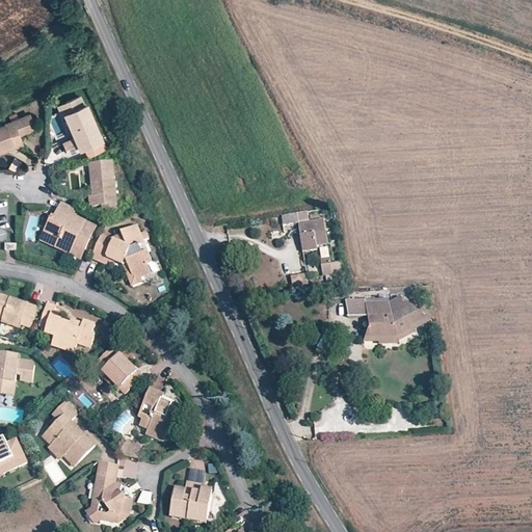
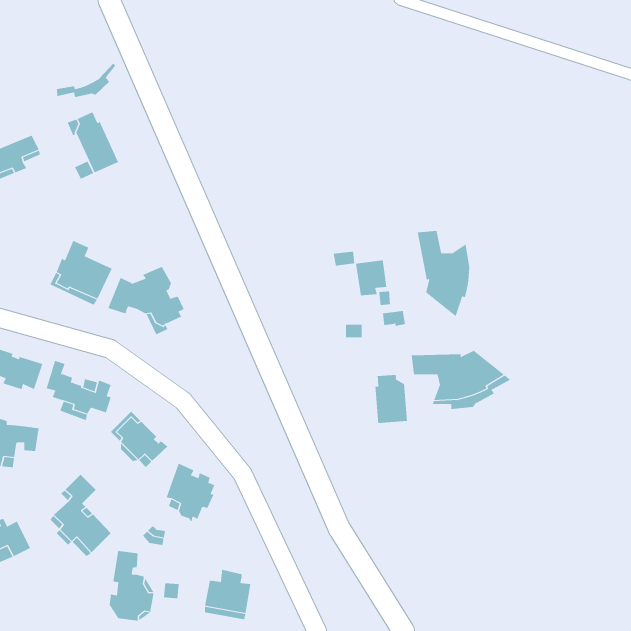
building: none -> [57,63,116,98]
building: [89,161,116,212] -> none
building: none -> [417,230,470,317]
building: none -> [375,374,407,424]

